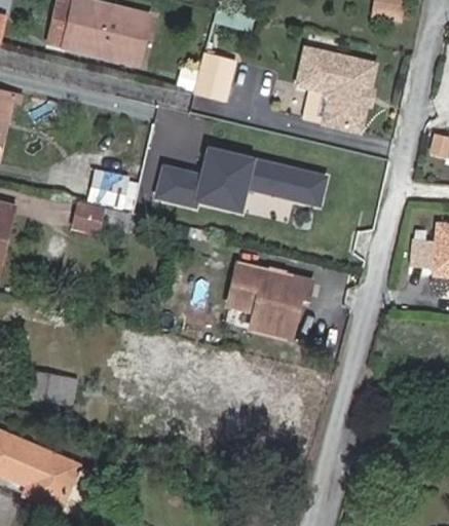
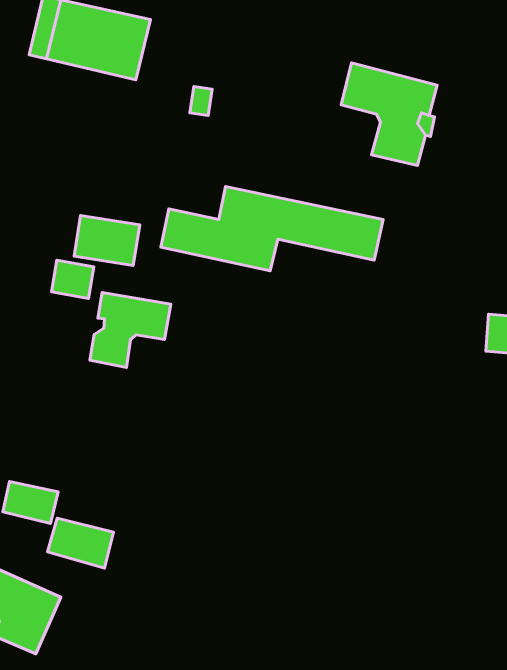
building: [196,47,234,98] -> none
building: none -> [90,293,171,367]
building: [228,262,311,336] -> none
building: none -> [47,518,113,568]

